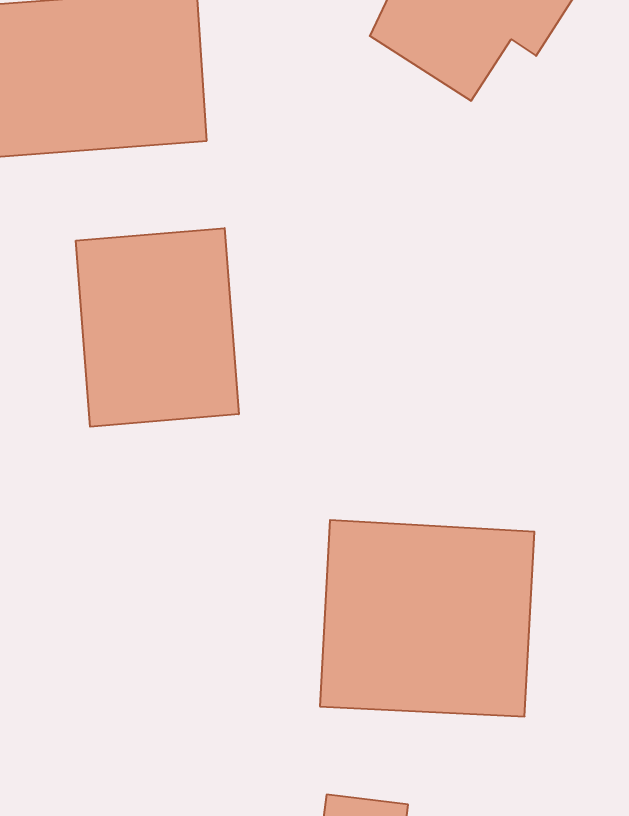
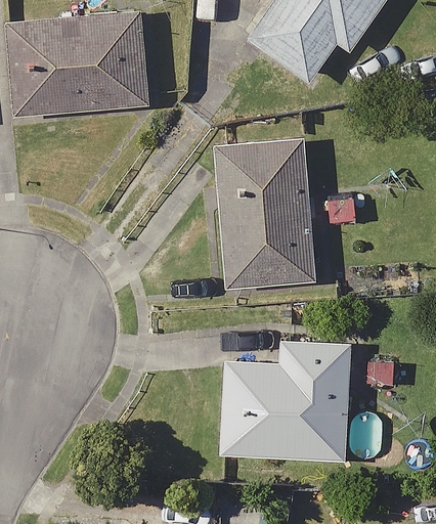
building: none -> [214,137,315,289]
building: [76,228,239,427] -> none

